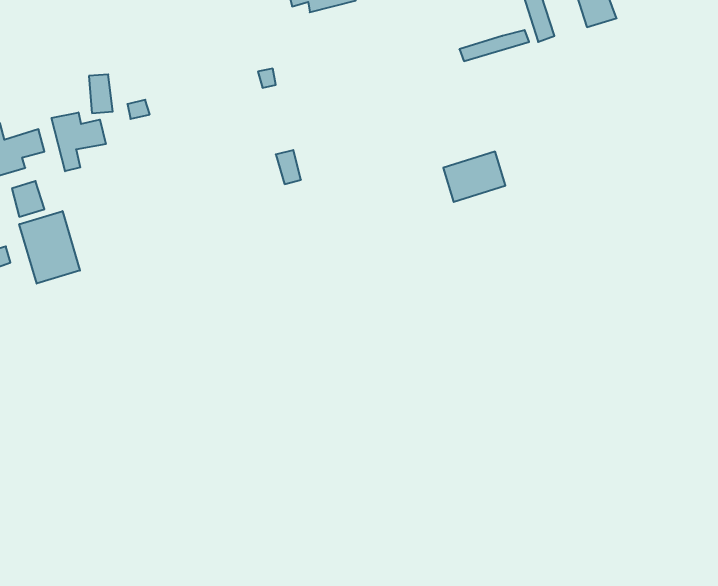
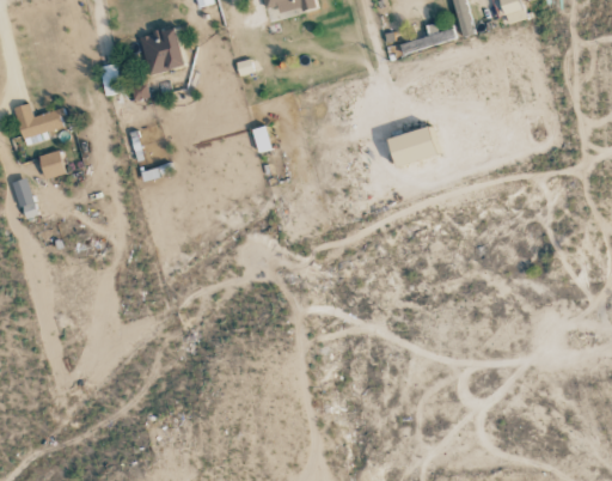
building: none -> [141,28,185,73]
building: [52,112,106,171] -> none
building: [19,211,80,284] -> none

